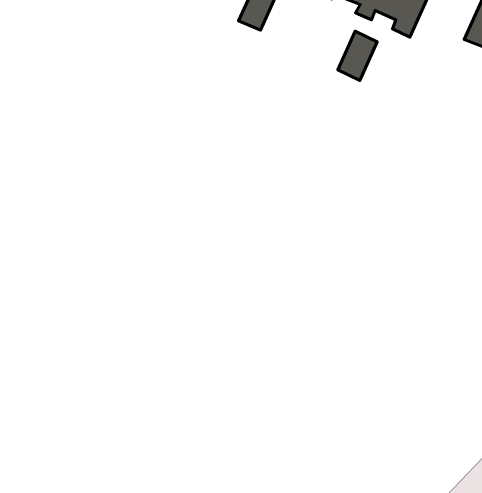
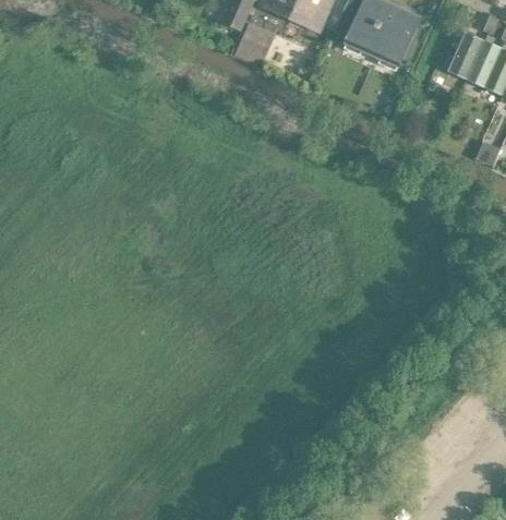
building: [338,31,377,80] -> none

